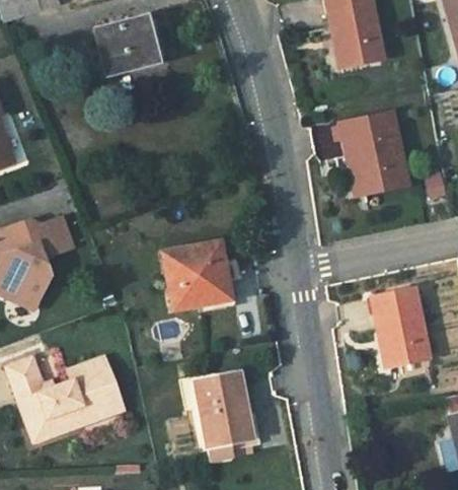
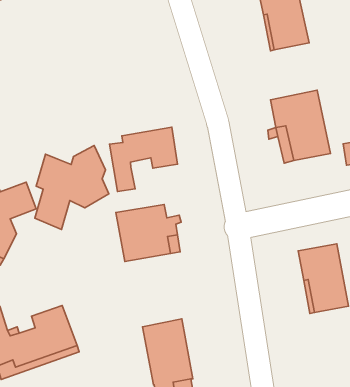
building: [95,16,156,75] -> none
building: none -> [110,127,178,192]
building: none -> [35,146,109,230]

